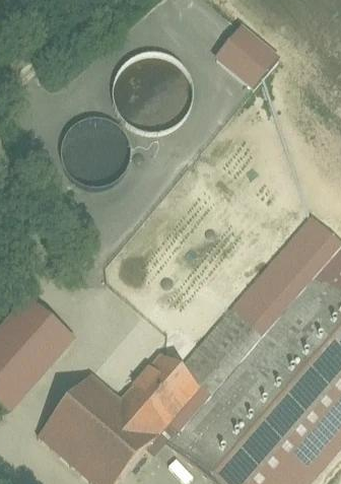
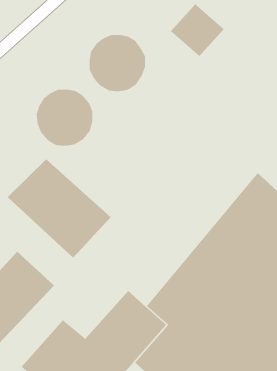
building: none -> [7,158,111,259]

